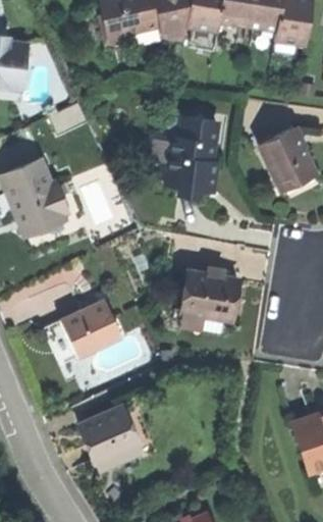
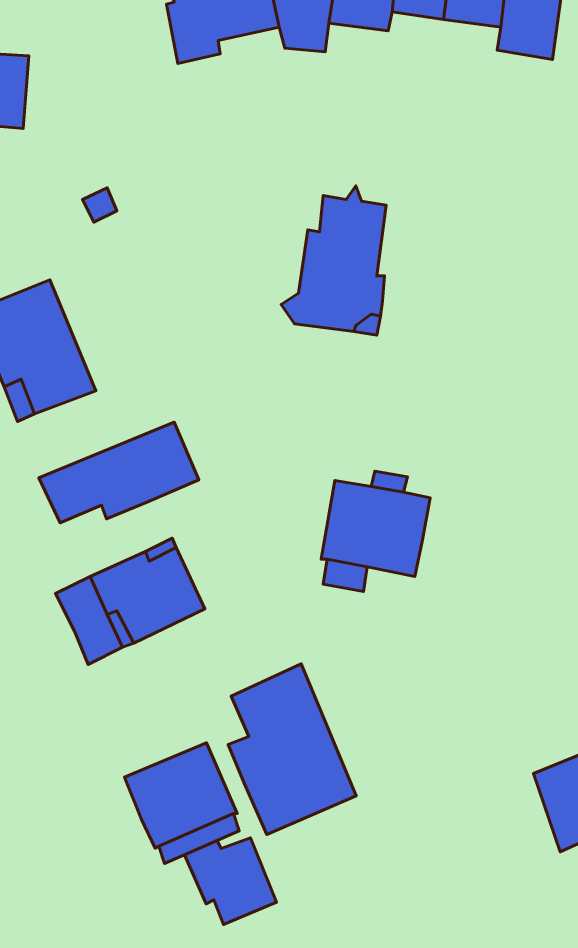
building: [261,126,314,185] -> none
building: none -> [39,422,199,523]
building: none -> [228,664,356,835]
building: none -> [185,838,276,924]

